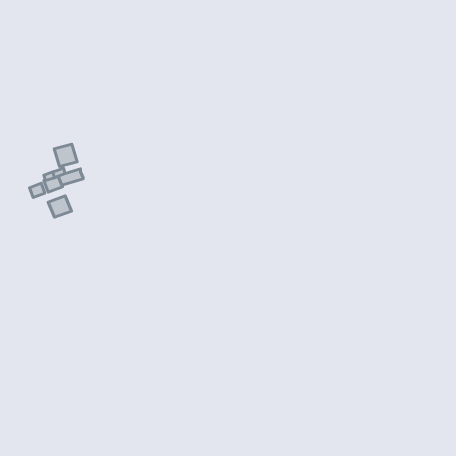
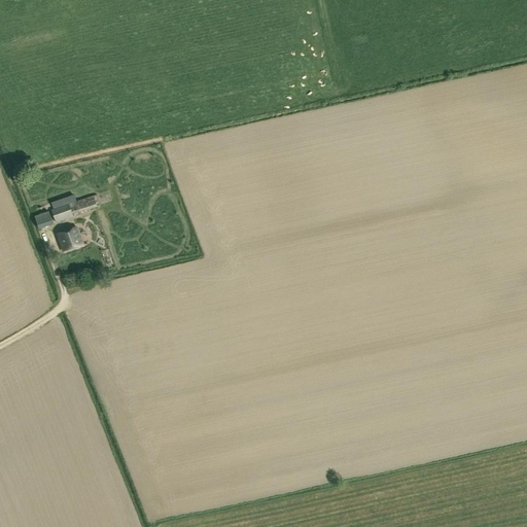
building: [54,144,77,166] -> none

